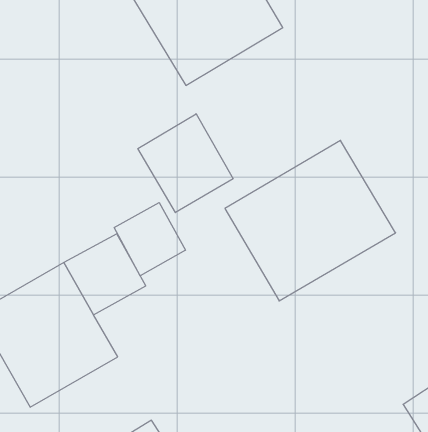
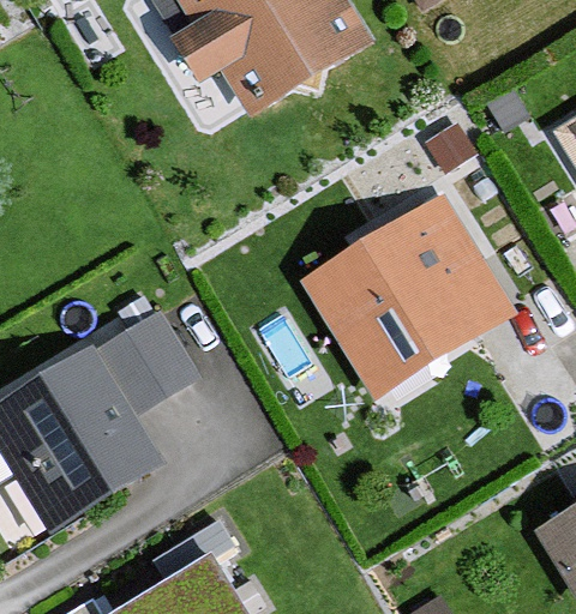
building: [138,114,233,213] -> none
building: [114,203,185,276] -> none

